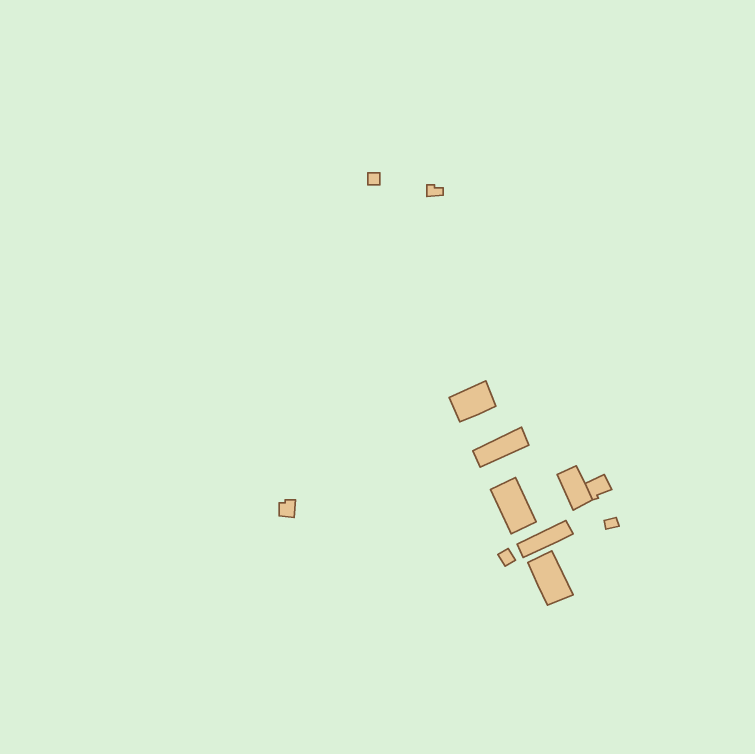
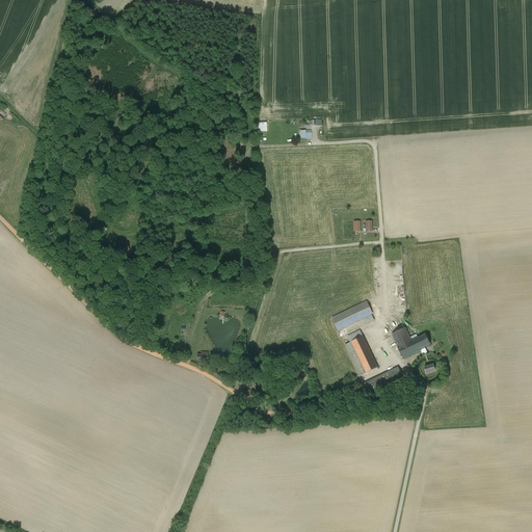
building: [449,381,496,422] -> none
building: [528,551,573,605] -> none

